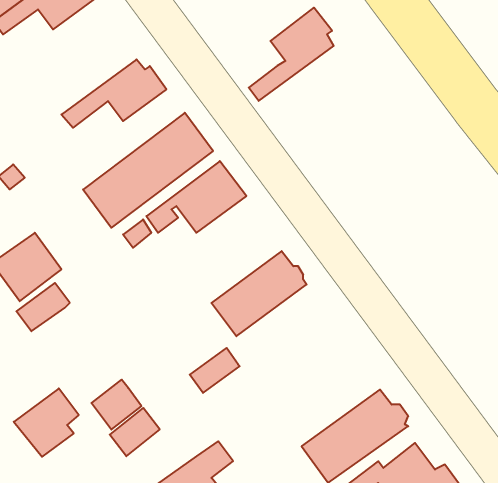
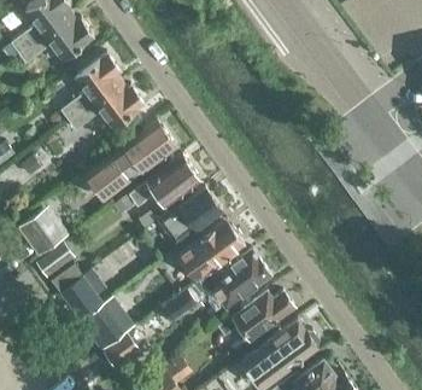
building: [249,8,334,101] -> [59,53,121,121]
building: none -> [157,186,222,245]
building: none -> [199,249,269,309]
building: none -> [230,291,293,339]
building: [14,388,79,457] -> [58,269,105,319]

